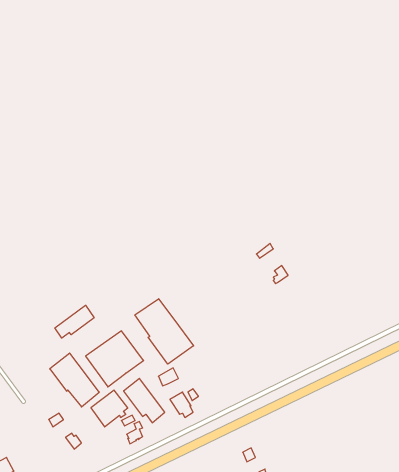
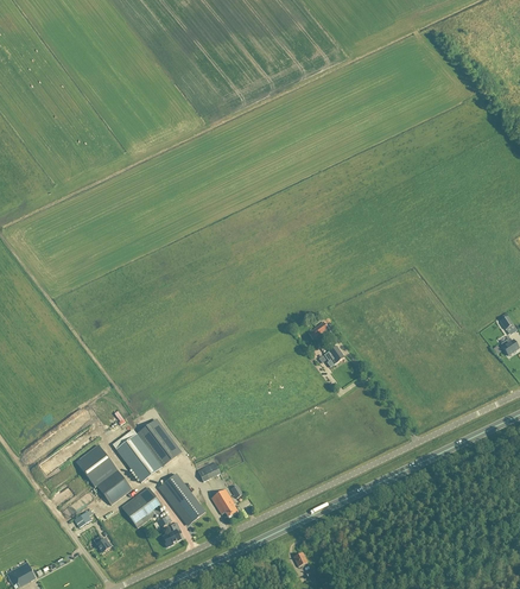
building: [135,299,194,364] -> none
building: [55,305,94,338] -> none

